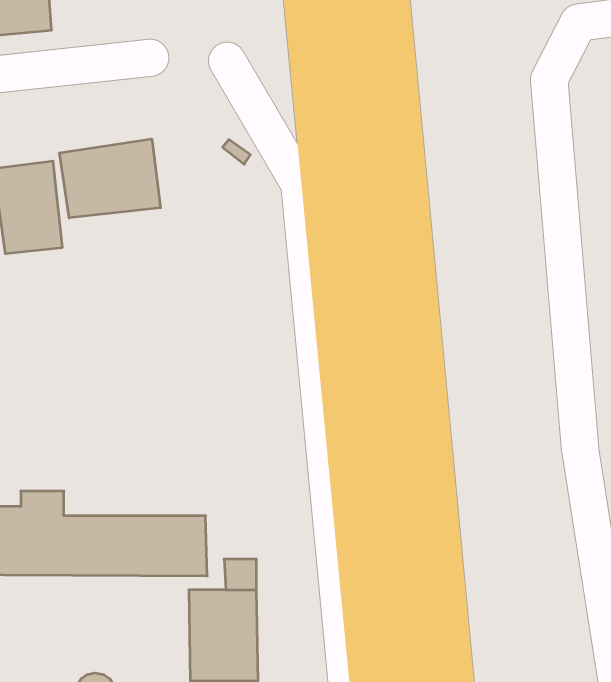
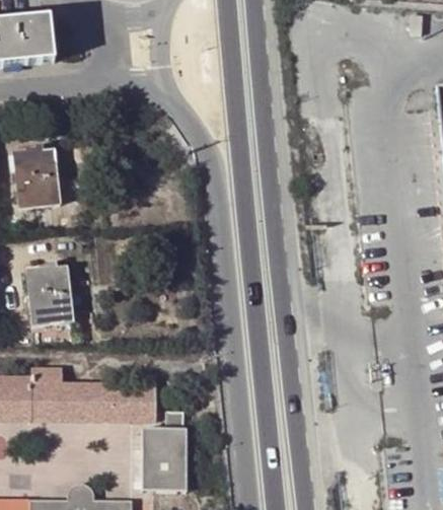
building: [59,139,161,218] -> none
building: none -> [28,266,76,325]

